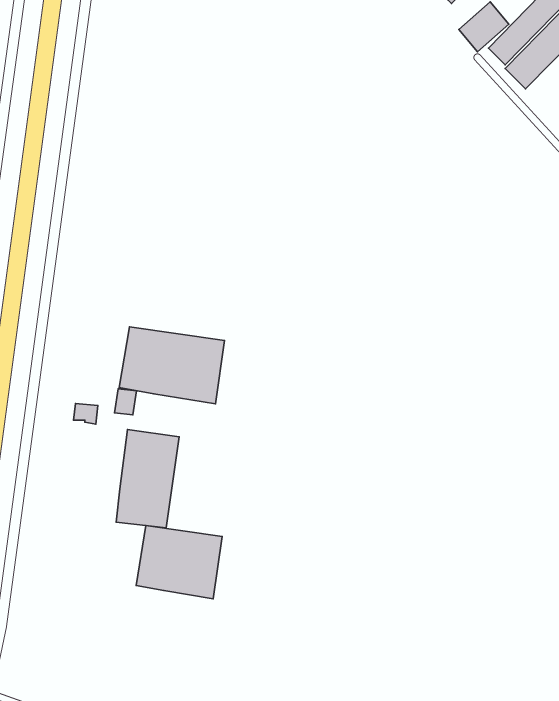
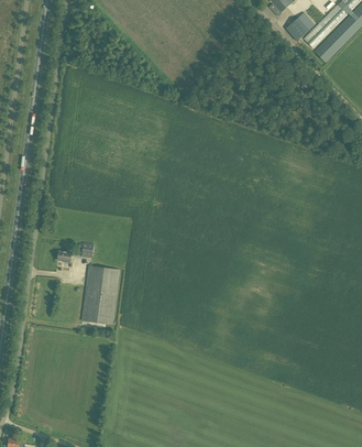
building: [119,327,225,404] -> none
building: [136,525,222,599] -> none

